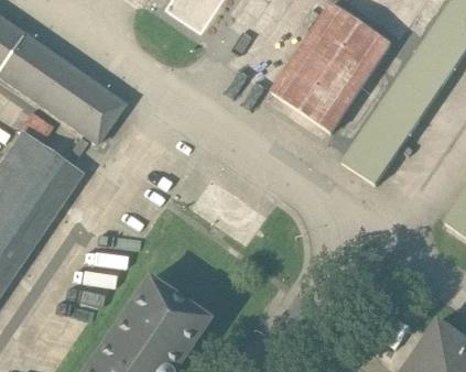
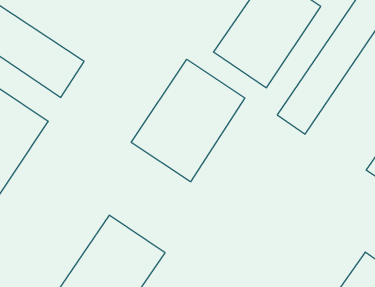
building: none -> [131,59,245,182]

